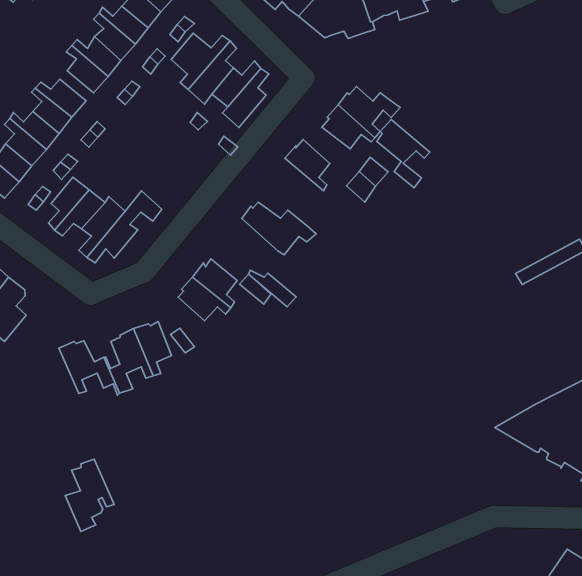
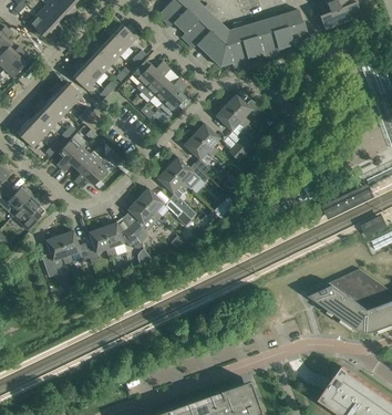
building: [377,119,430,188] -> [185,134,215,174]
building: none -> [157,167,187,198]
building: [65,459,114,531] -> [41,236,69,277]

